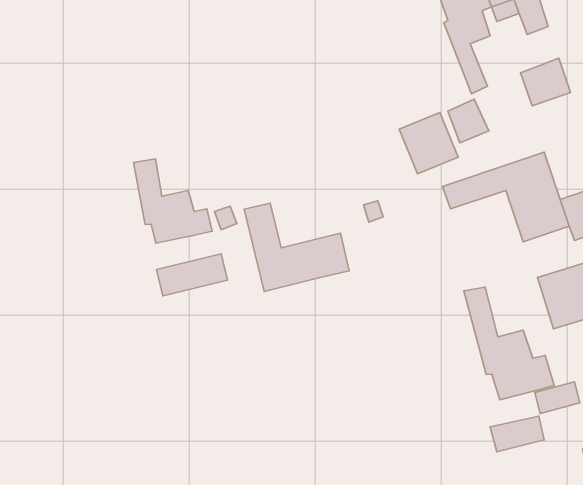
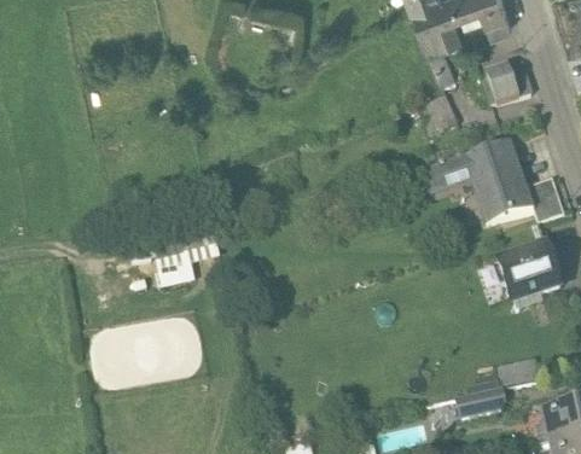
building: [399,113,458,174] -> none
building: [133,159,212,243] -> none
building: [244,203,349,292] -> none
building: [464,287,554,400] -> none

